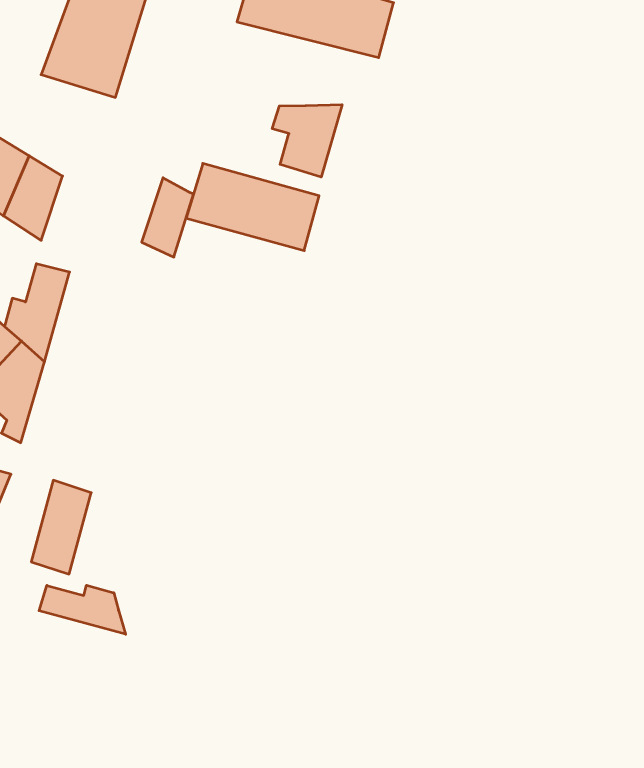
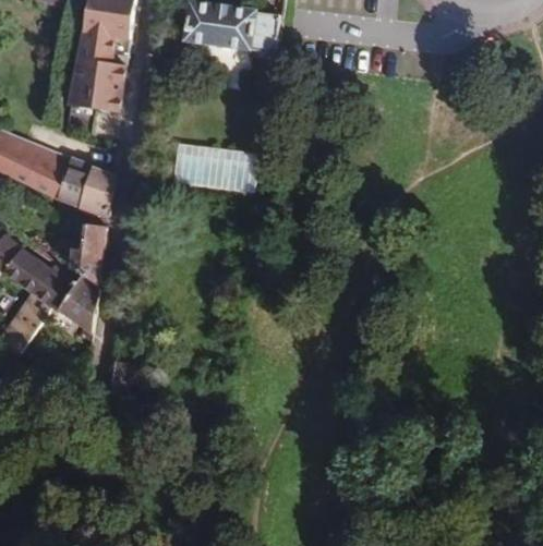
building: [272,105,342,177] -> none
building: [142,178,193,257] -> [83,165,111,214]
building: [39,585,126,634] -> none

